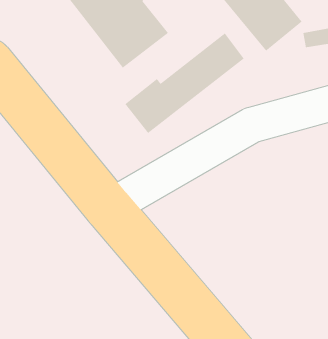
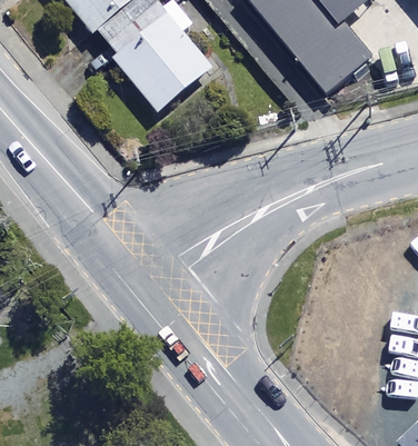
building: [125,33,245,134] -> none

